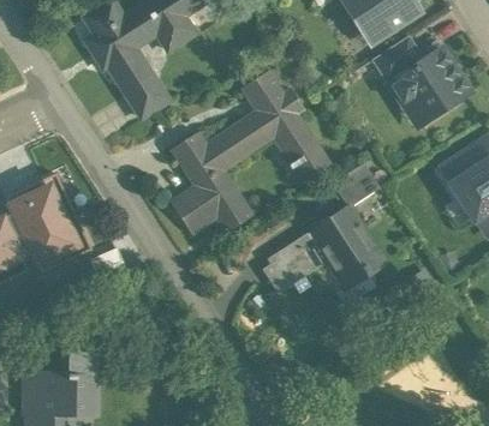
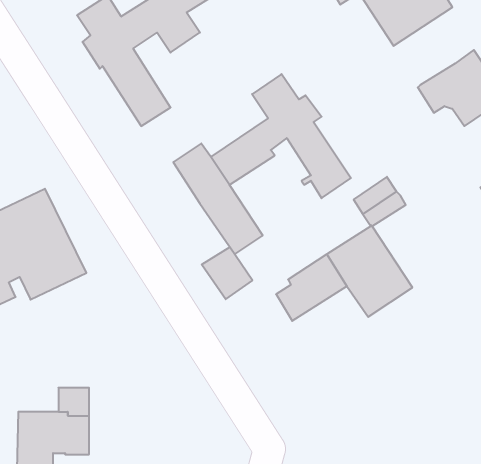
building: [377,36,423,79] -> none
building: [168,186,214,233] -> [202,247,252,299]

